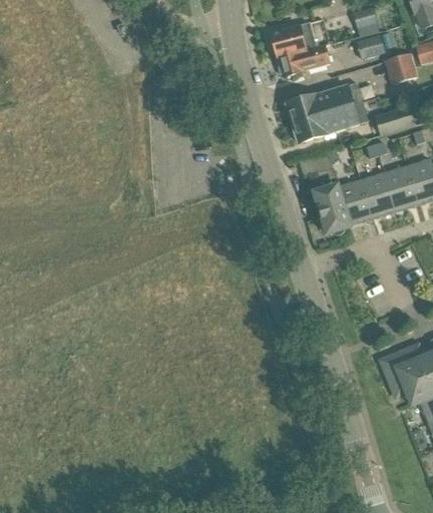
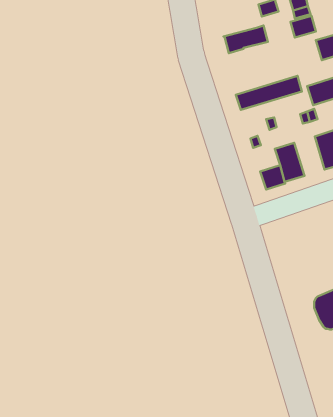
building: [271,22,317,58] -> none
building: [287,82,364,124] -> none
building: [360,172,395,217] -> none
building: [315,184,344,212] -> none

